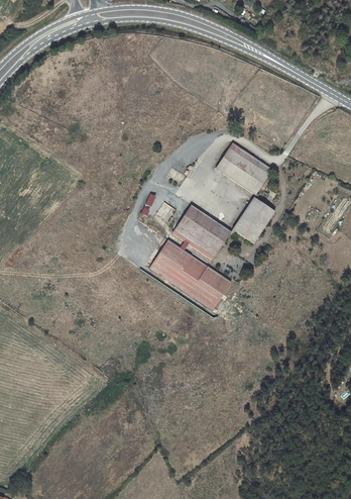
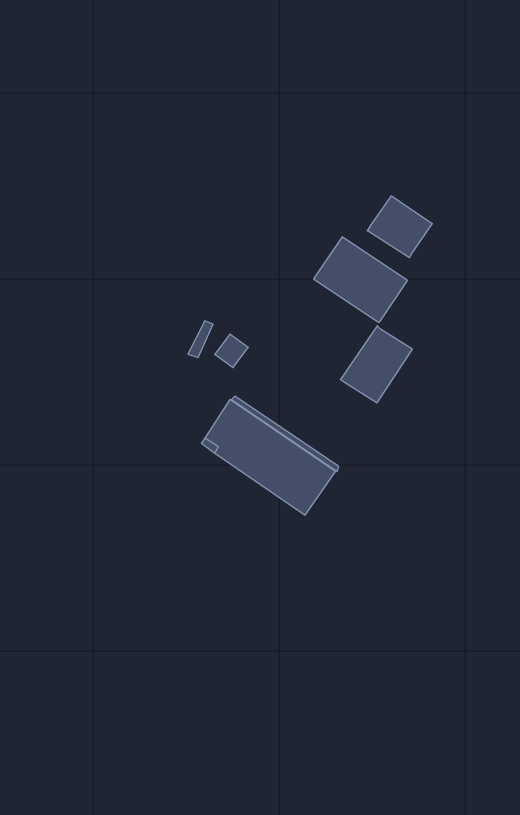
building: none -> [367,196,432,258]
building: [174,205,231,258] -> none

